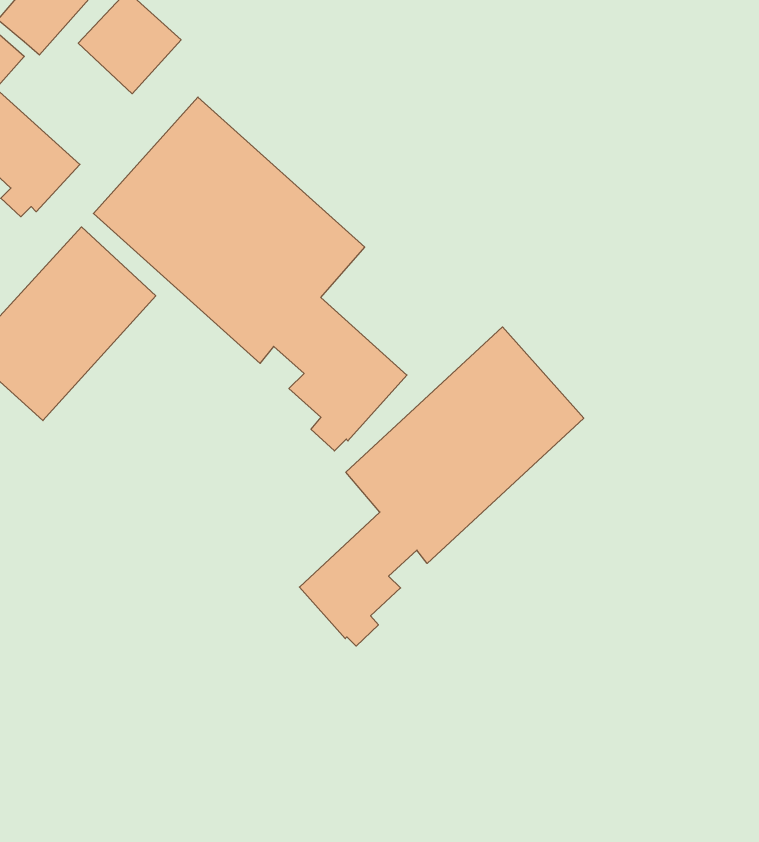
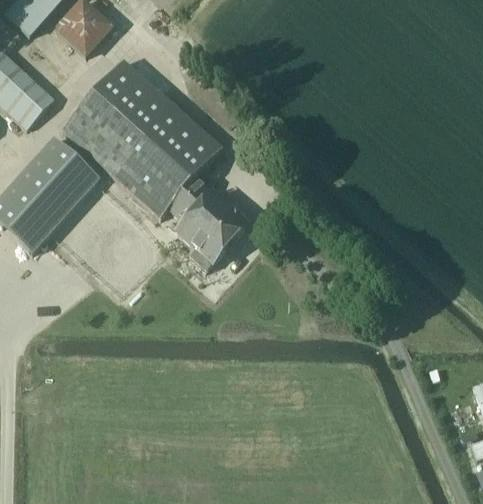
building: [299,327,584,646] -> none

